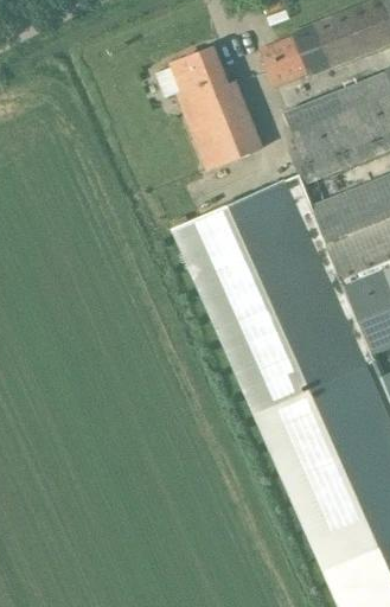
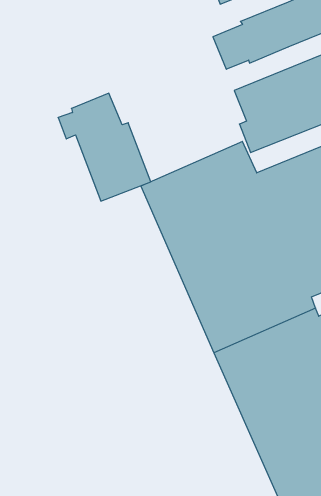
building: [158,44,266,170] -> [58,93,151,201]

